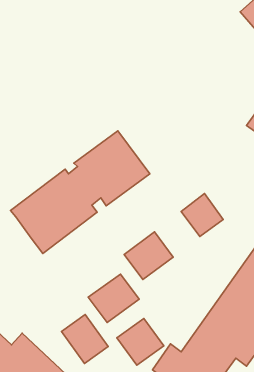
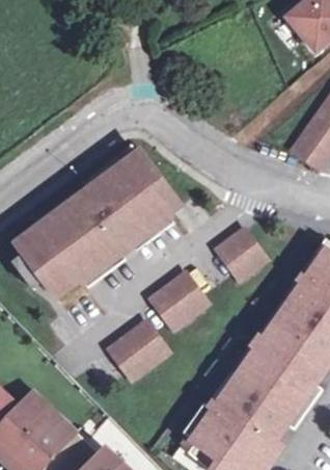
building: [62,314,108,364] -> none
building: [117,318,164,365] -> none

